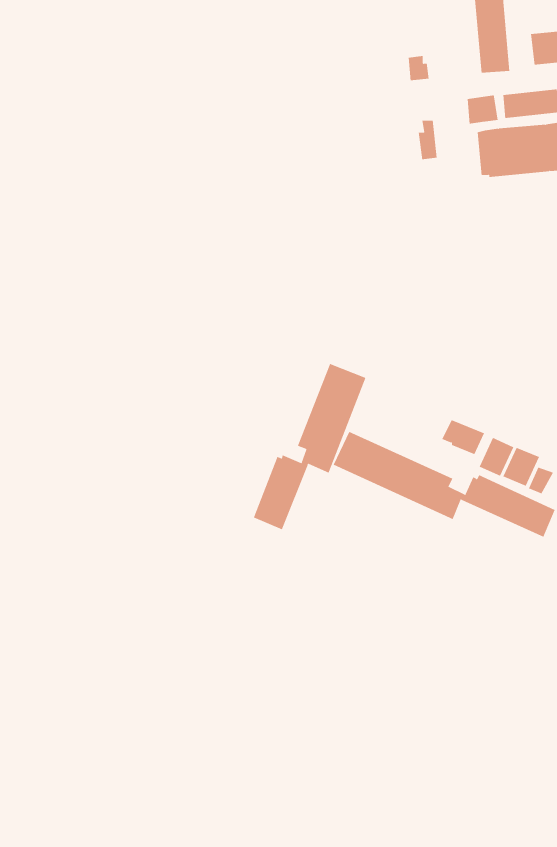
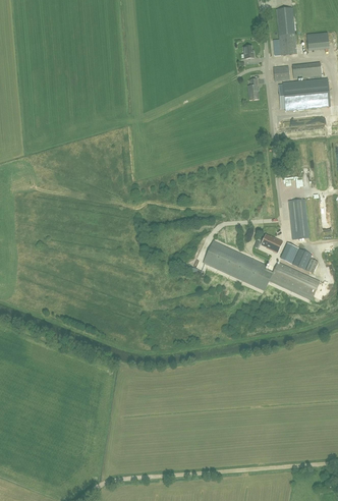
building: none -> [288,200,307,239]
building: [253,363,366,530] -> none

